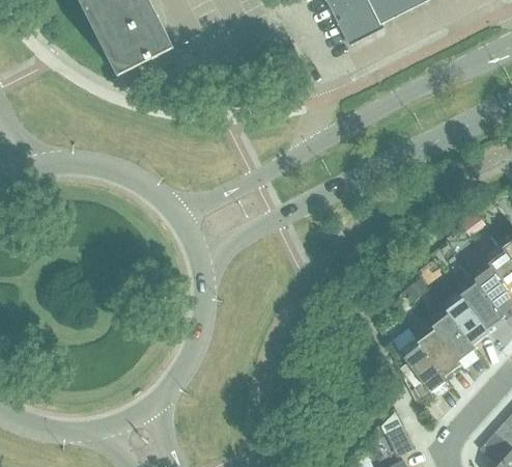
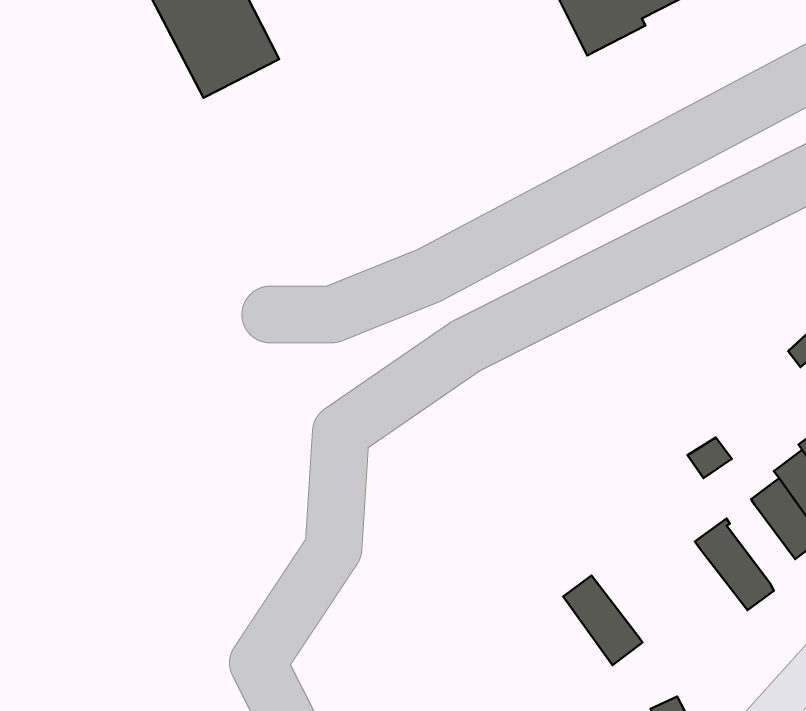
building: [431,312,474,359] -> none
building: [399,338,446,391] -> [563,576,642,665]

